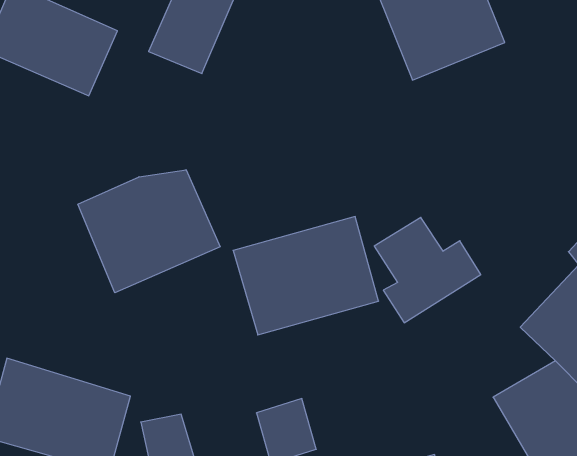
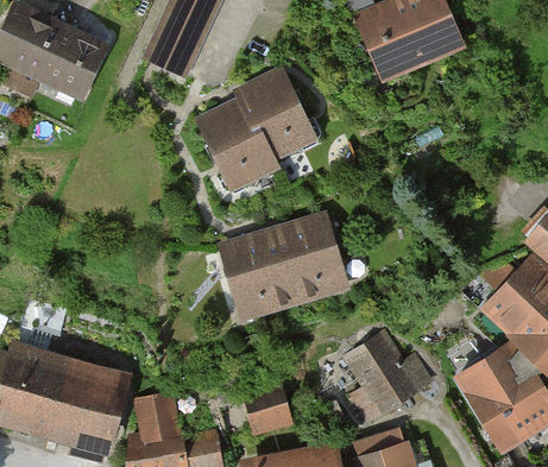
building: none -> [196,65,319,195]
building: [78,170,220,293] -> none
building: [374,217,481,323] -> [340,328,437,424]

